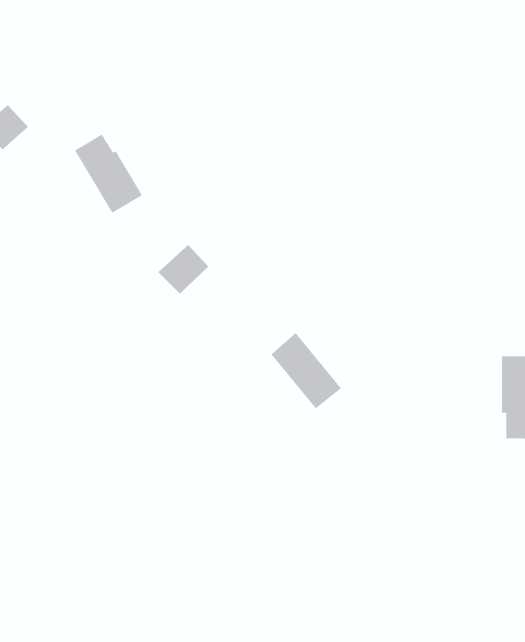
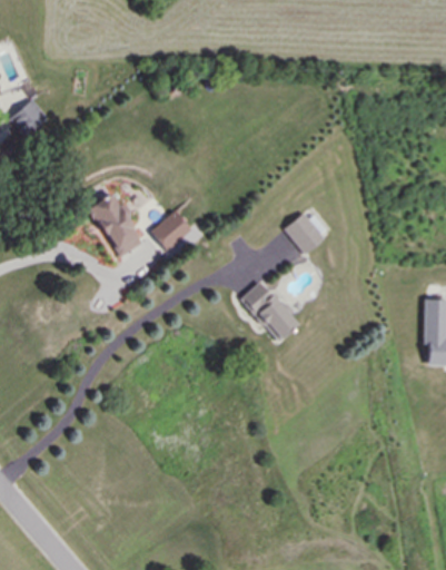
building: [74,134,143,213] -> [90,194,145,257]
building: none -> [286,212,326,254]

